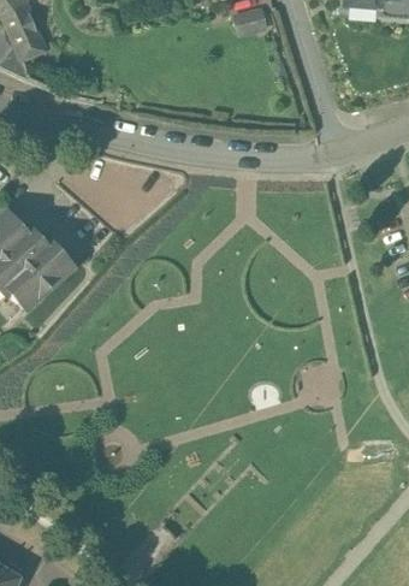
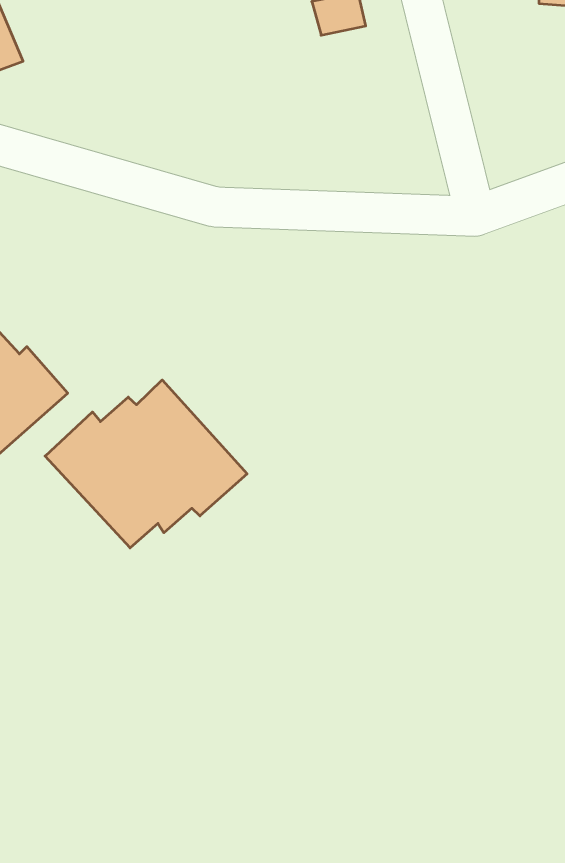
building: none -> [45,380,247,548]

